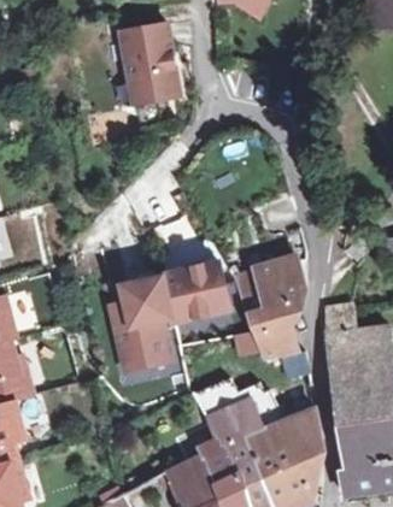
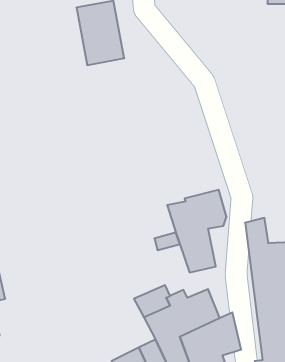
building: [101,258,230,387] -> none

